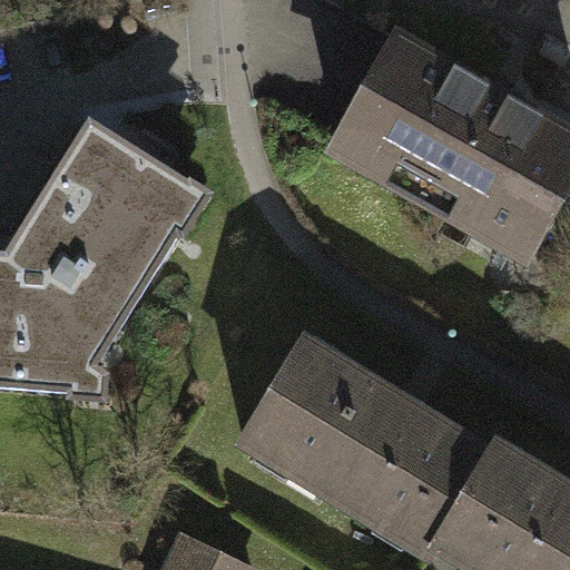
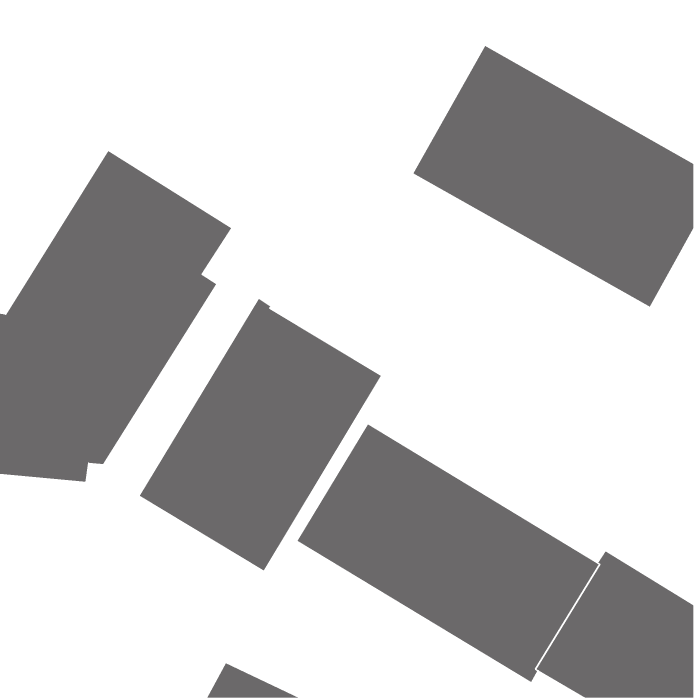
building: none -> [139,298,382,571]

